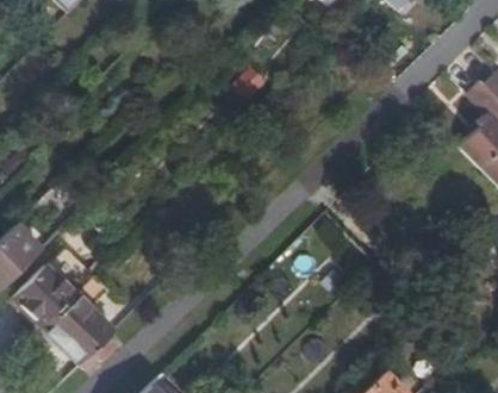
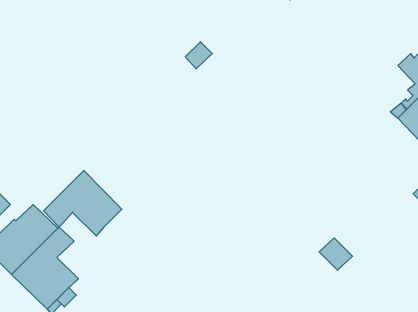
building: none -> [44,170,122,236]

